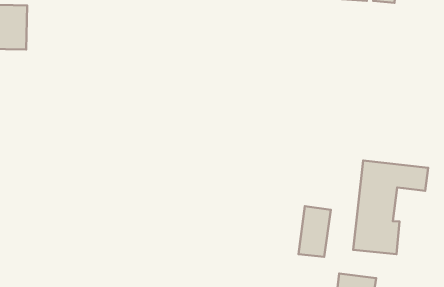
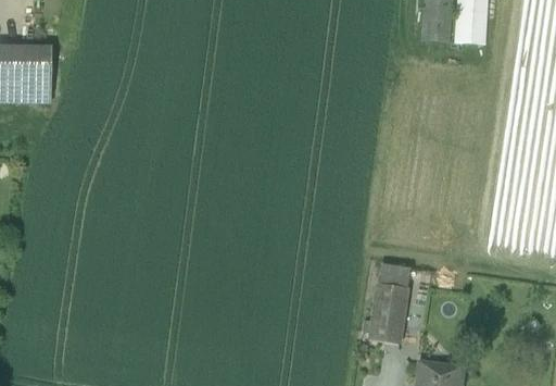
building: [353,160,428,254] -> none
building: none -> [378,264,410,287]

